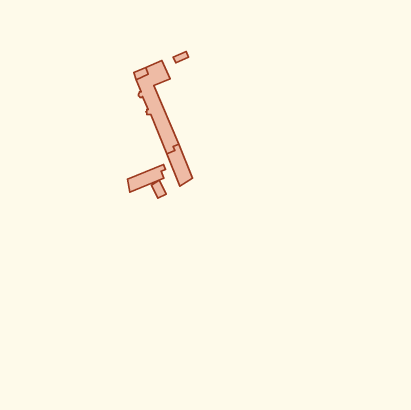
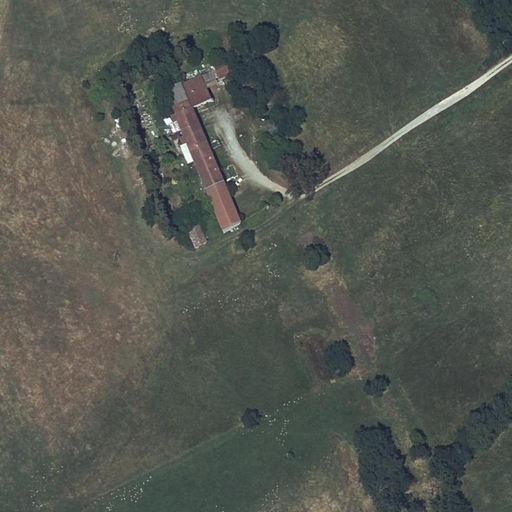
building: [127,164,165,192] -> none

